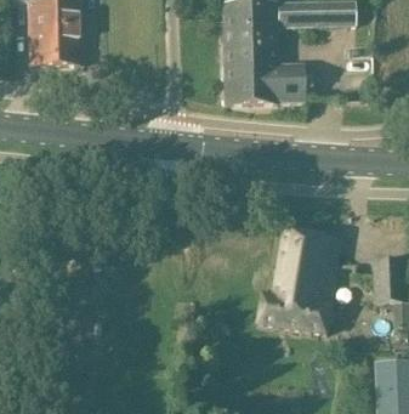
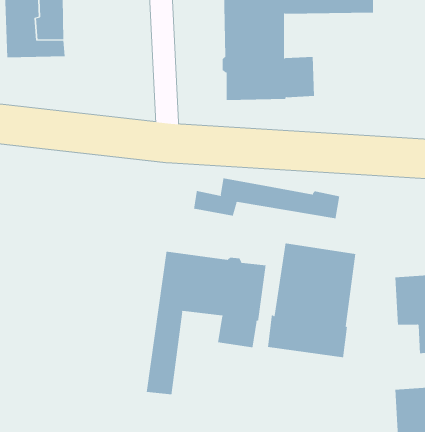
building: none -> [193,178,340,219]
building: none -> [146,251,266,395]

